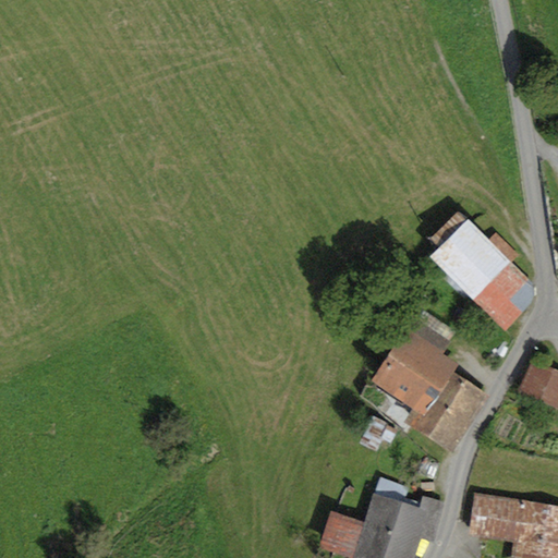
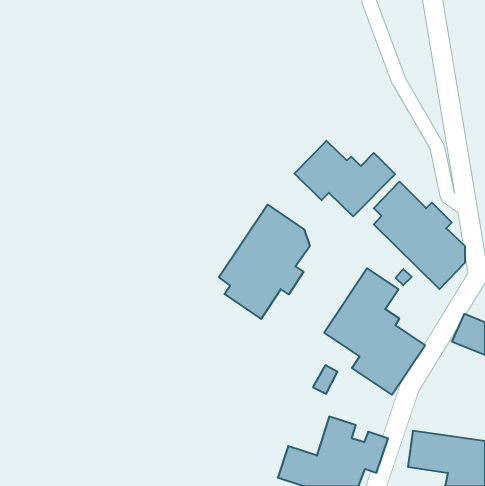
building: none -> [294,141,395,216]
building: none -> [219,205,310,319]

